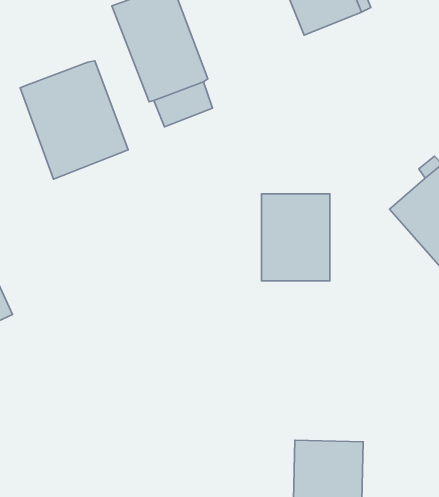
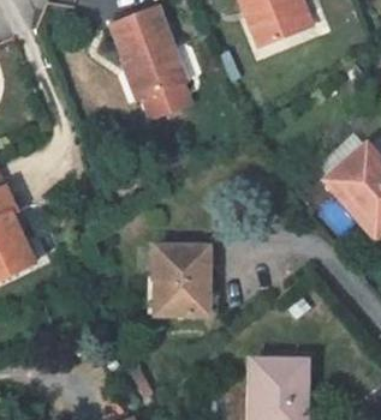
building: [20,61,128,179] -> none
building: [261,194,330,281] -> [155,247,208,314]

